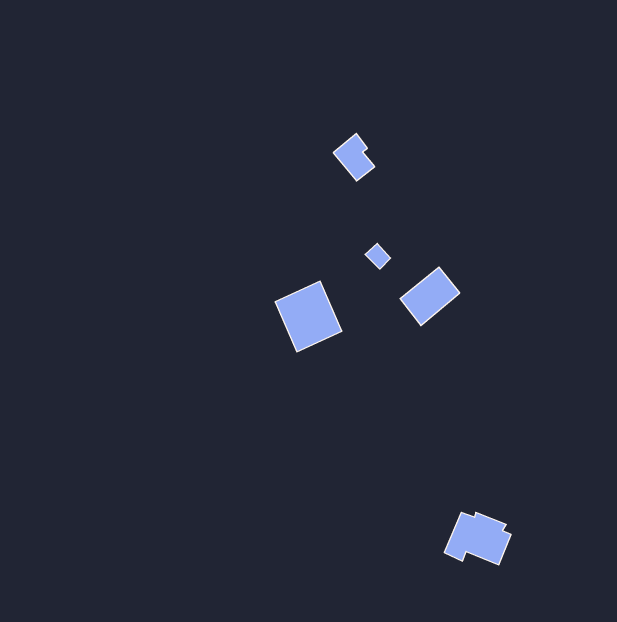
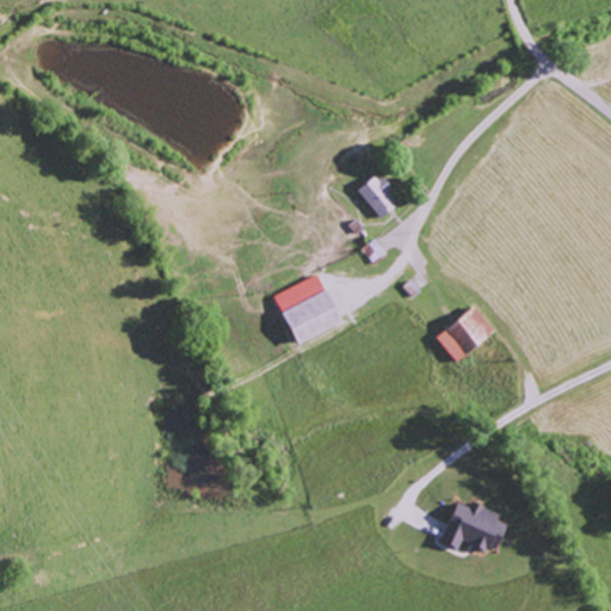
building: [333,133,375,181] -> [358,173,399,220]
building: [400,267,460,326] -> [436,306,494,363]

